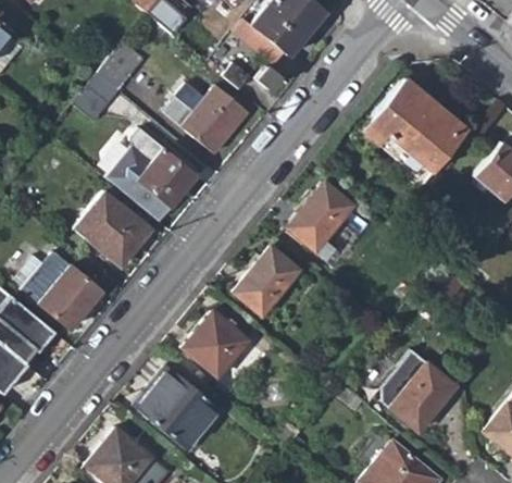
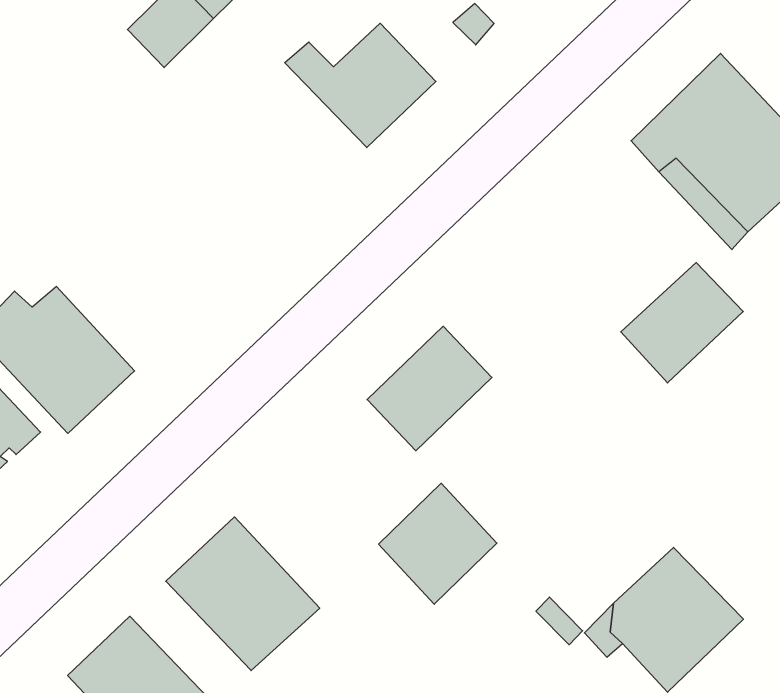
building: [107,128,197,221] -> none
building: [287,182,353,250] -> [621,263,743,383]
building: [73,191,152,269] -> none
building: [183,310,248,377] -> [379,483,497,604]

